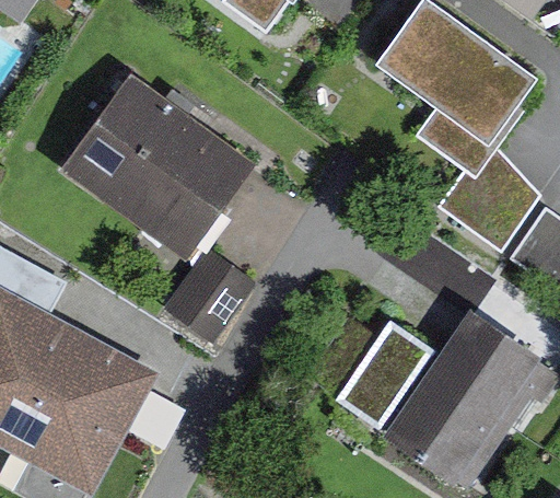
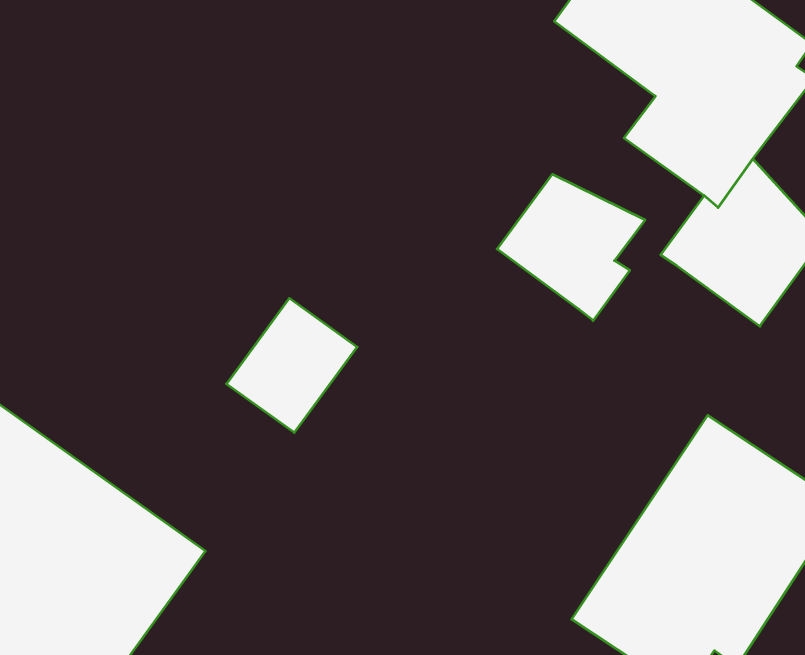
building: [63,79,248,254] -> none
building: none -> [497,174,645,321]
building: [337,319,436,429] -> none

